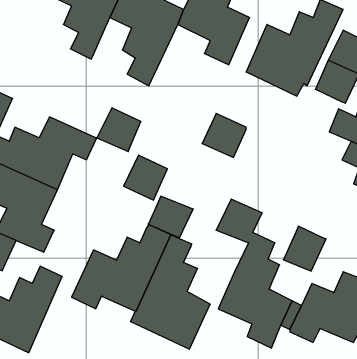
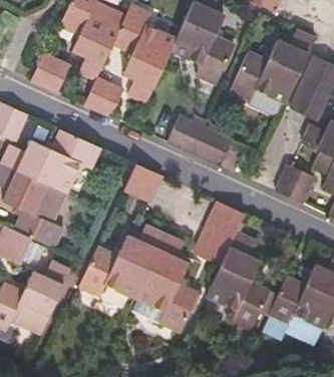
building: none -> [31,53,70,92]
building: none -> [166,114,205,153]
building: [97,108,141,152] -> [84,78,122,116]
building: [148,196,193,238] -> [194,229,233,265]
building: [283,226,326,271] -> [277,164,314,204]

